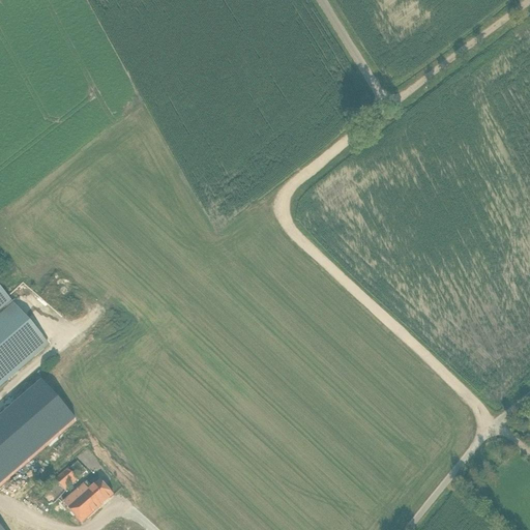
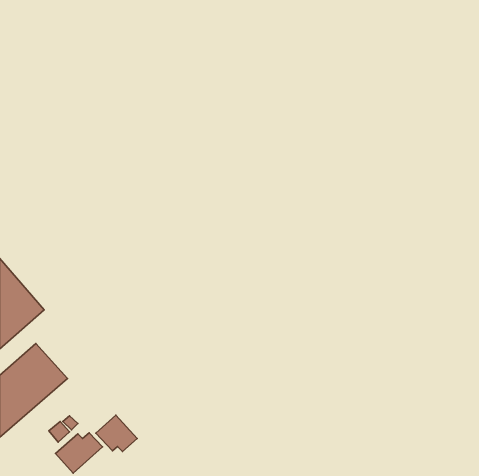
building: none -> [96,415,137,451]

